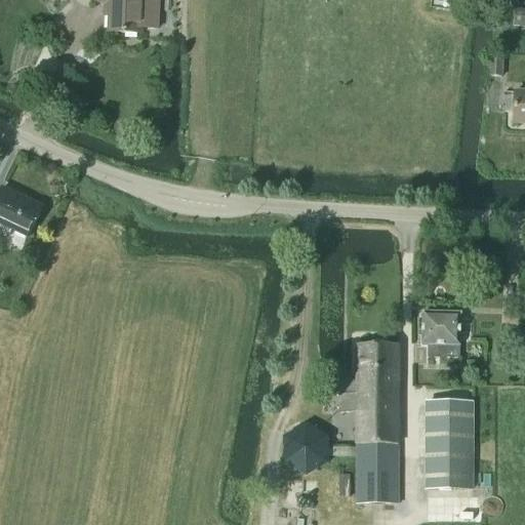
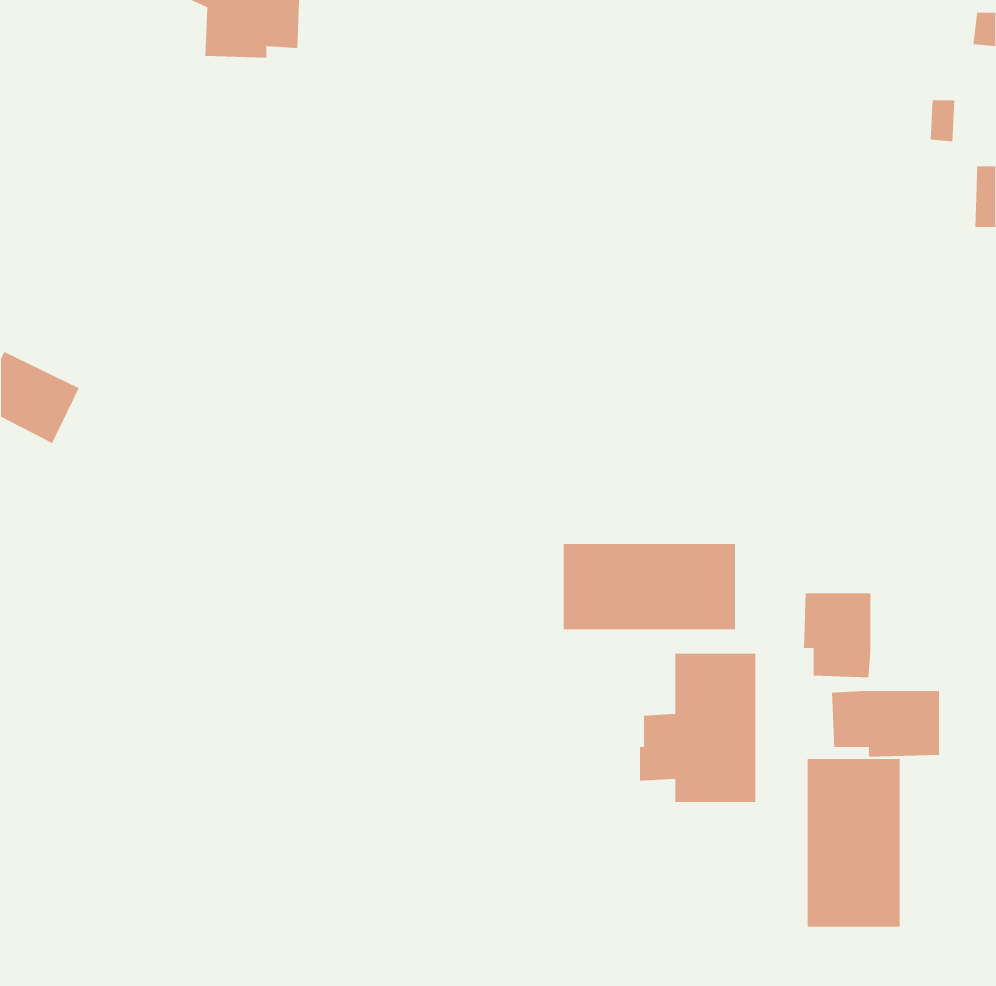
building: none -> [563,543,736,630]
building: none -> [831,690,940,757]
building: [282,420,398,501] -> none

